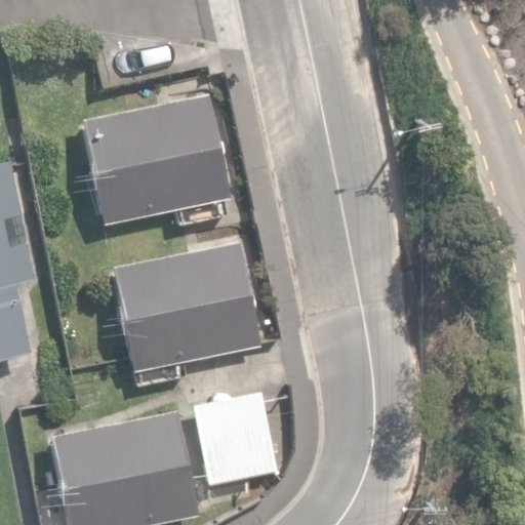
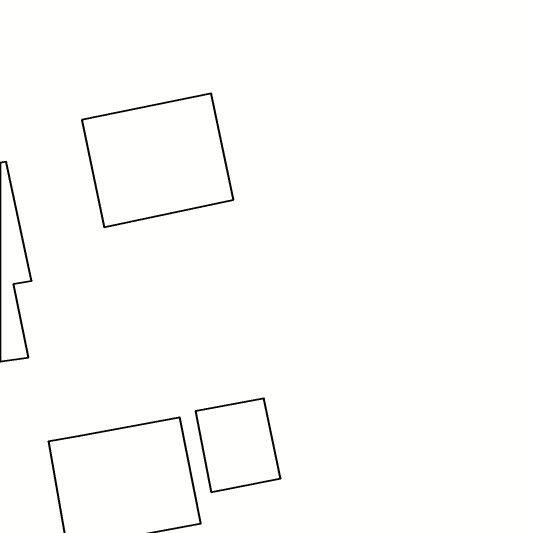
building: [113,242,261,373] -> none

